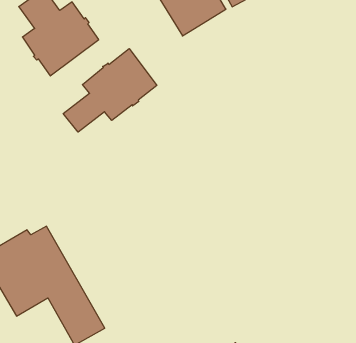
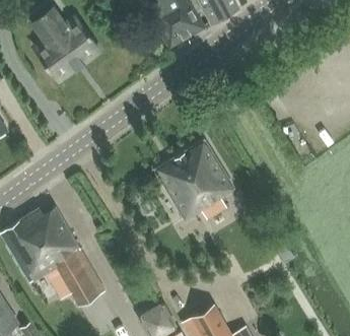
building: [63,49,157,132] -> none
building: none -> [155,140,234,221]

